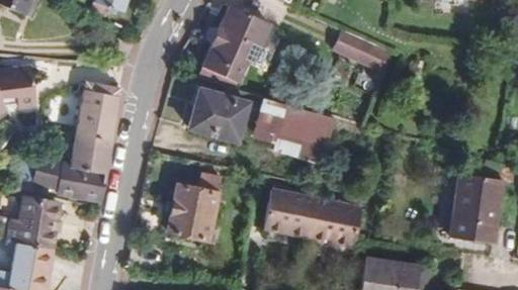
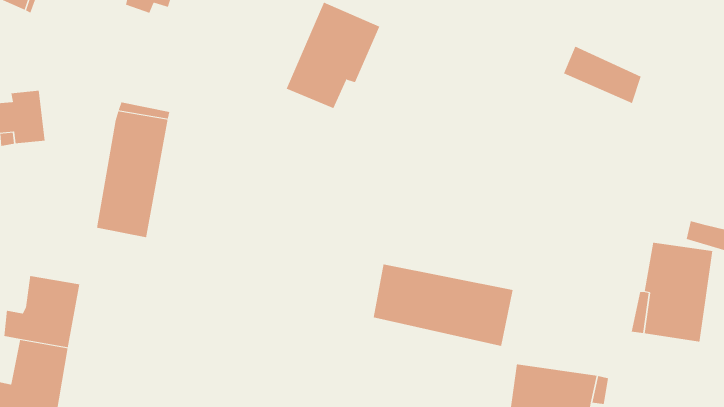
building: [335,32,390,73] -> [563,46,641,104]
building: [188,90,246,141] -> none
building: [256,97,336,164] -> none
building: [17,155,106,199] -> none
building: [169,173,221,239] -> none

